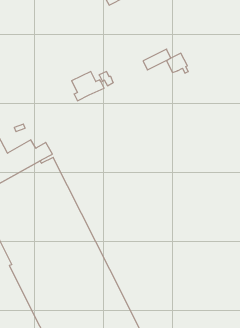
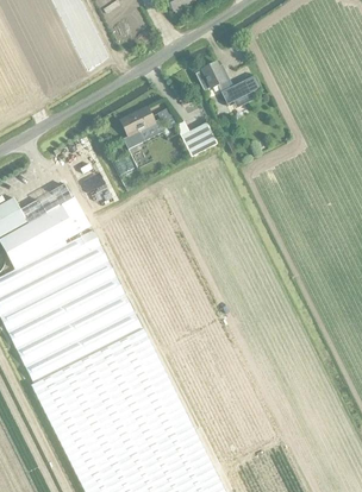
building: [167,53,188,73] -> [195,61,226,89]
building: none -> [180,120,217,154]

